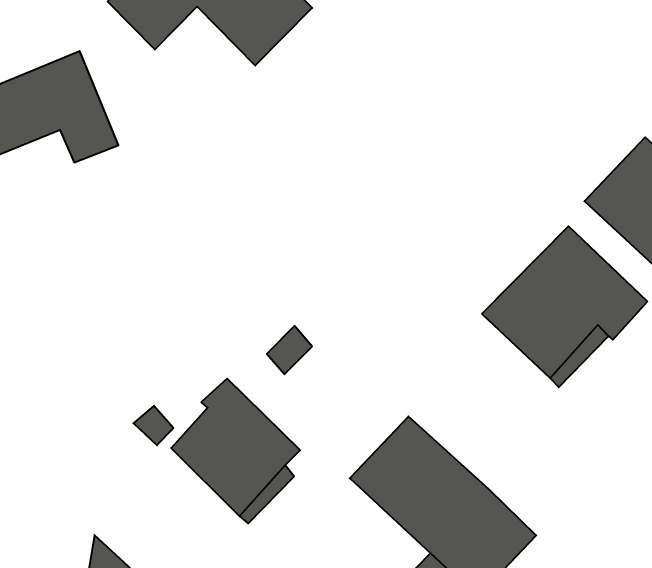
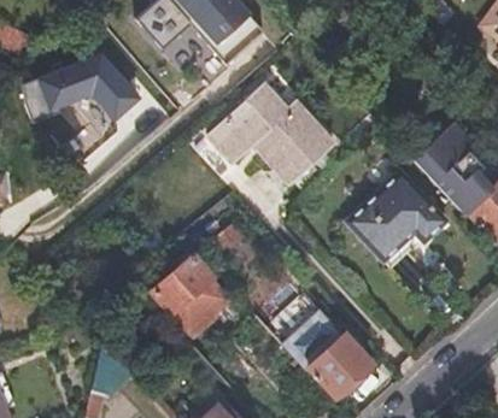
building: none -> [209,83,335,184]

